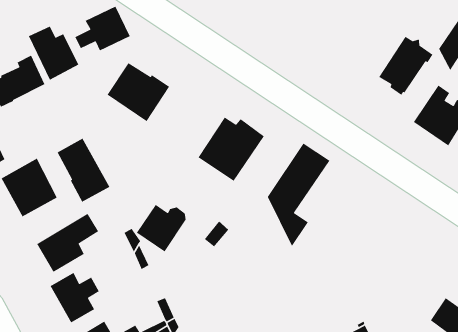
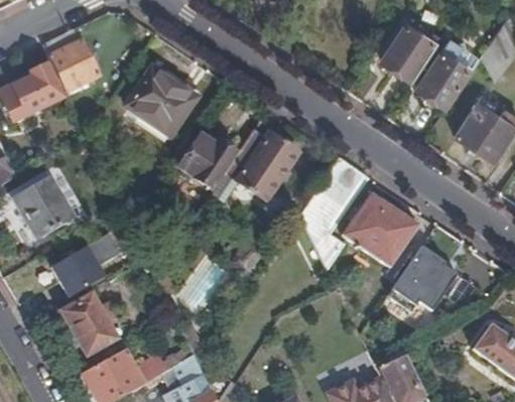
building: [74,6,131,52] -> none
building: none -> [383,20,435,81]
building: [57,138,111,203] -> none
building: none -> [343,194,417,267]
building: [136,204,186,253] -> [179,136,234,188]
building: none -> [391,245,459,315]

